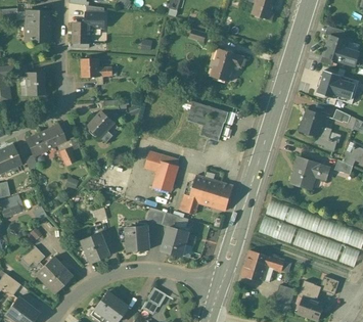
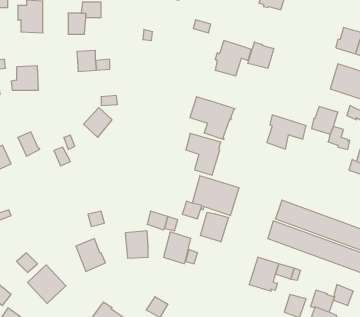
building: none -> [248,42,274,68]
building: [39,125,66,149] -> none
building: [146,152,179,191] -> [186,133,221,175]
building: [292,157,329,189] -> [267,115,306,149]
building: none -> [200,212,229,242]

